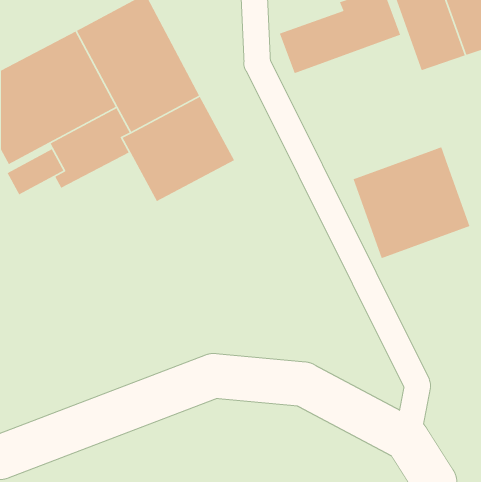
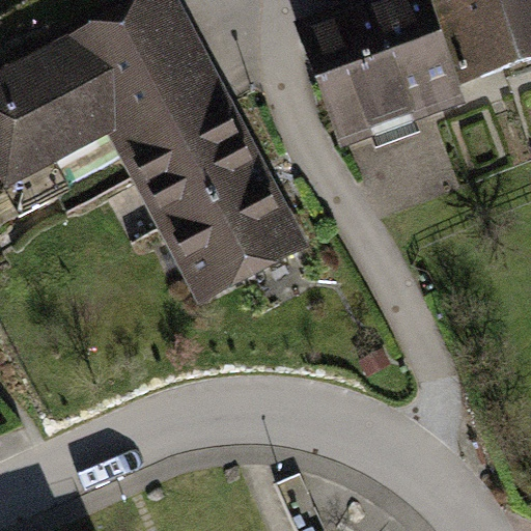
building: none -> [326,38,464,138]
building: [353,146,470,259] -> none
building: none -> [175,175,300,292]

